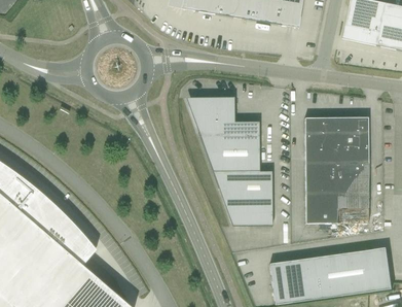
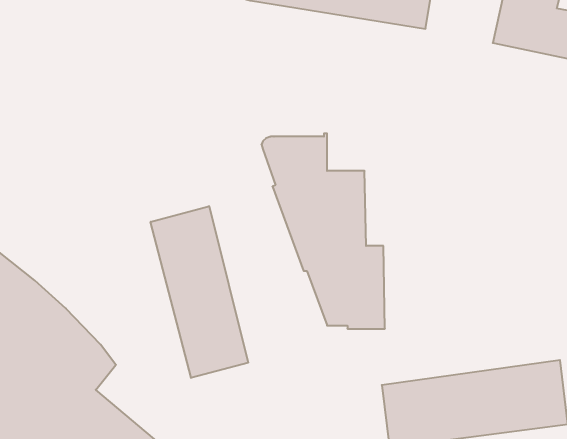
building: [304,116,370,223] -> none
building: none -> [151,206,248,378]

